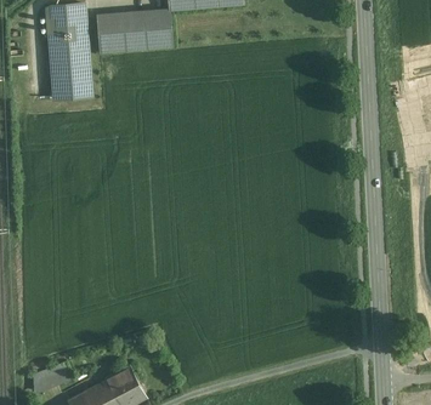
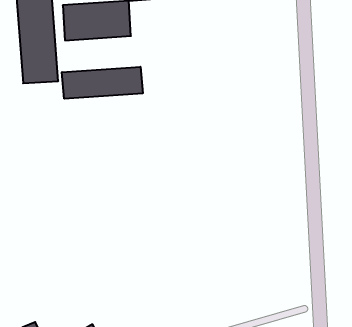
building: none -> [62,67,143,99]

